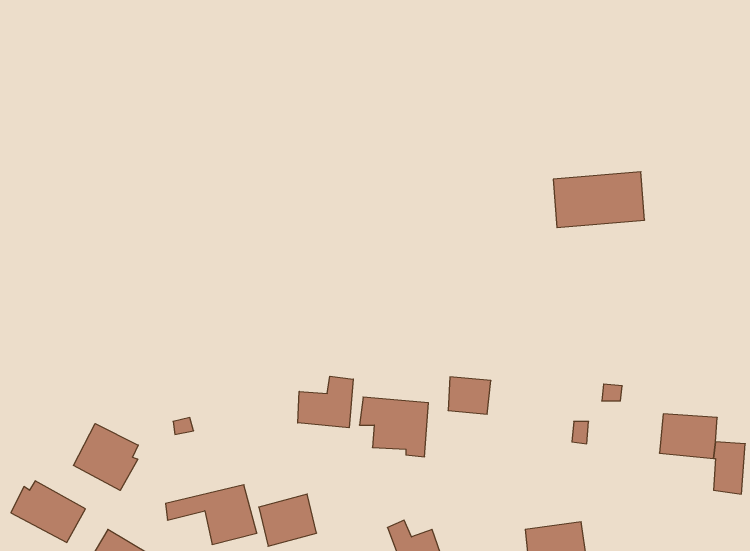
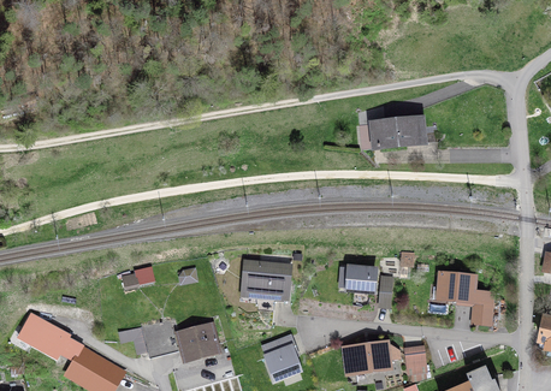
building: [298,376,353,428] -> none
building: [448,377,491,414] -> [348,266,375,290]
building: [73,424,138,490] -> none

